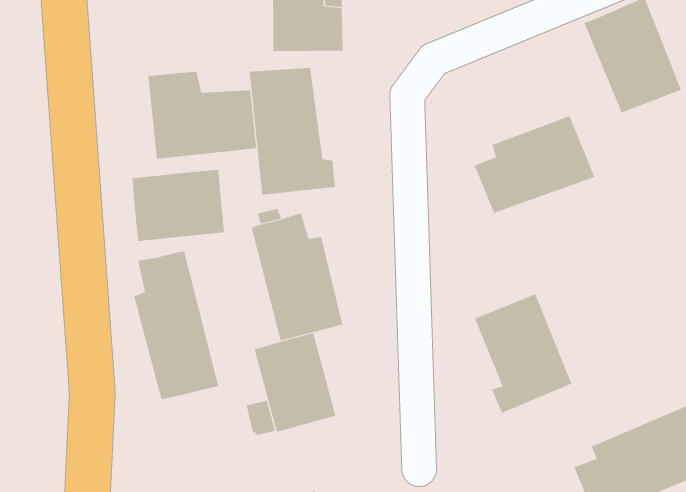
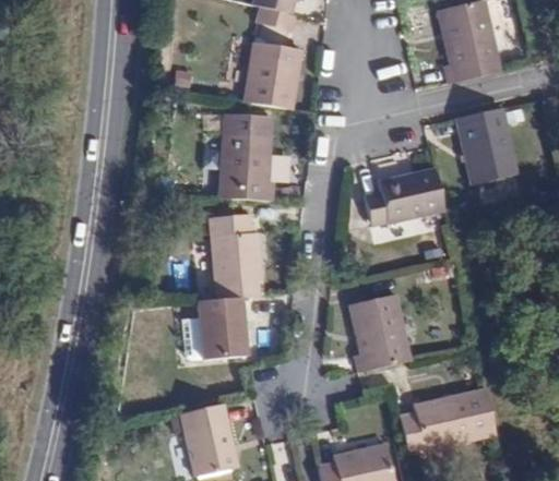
building: [148,71,257,160] -> none
building: [132,169,224,242] -> none
building: [134,251,219,400] -> none

